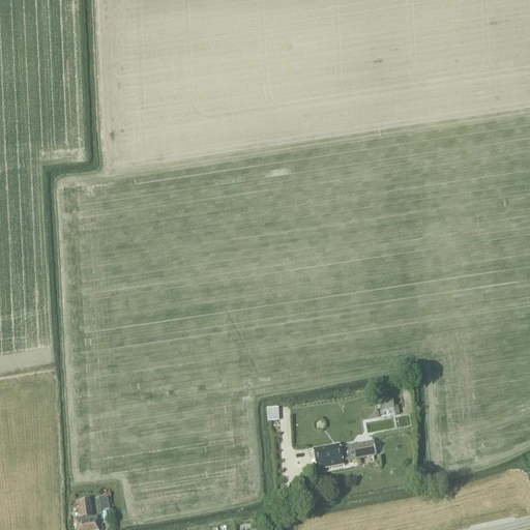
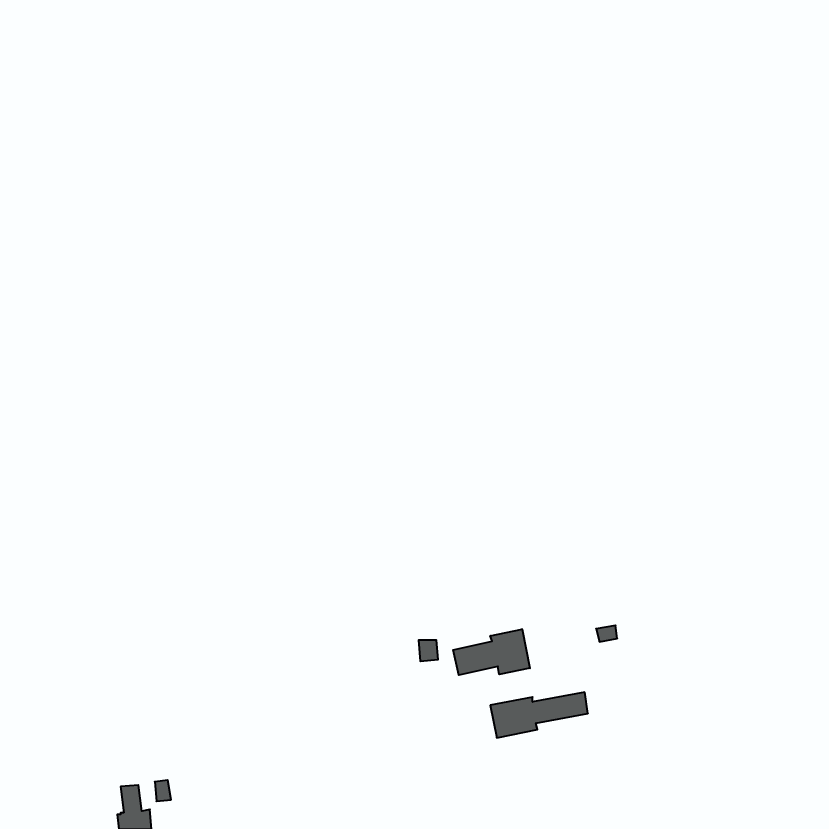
building: none -> [453,629,530,675]

